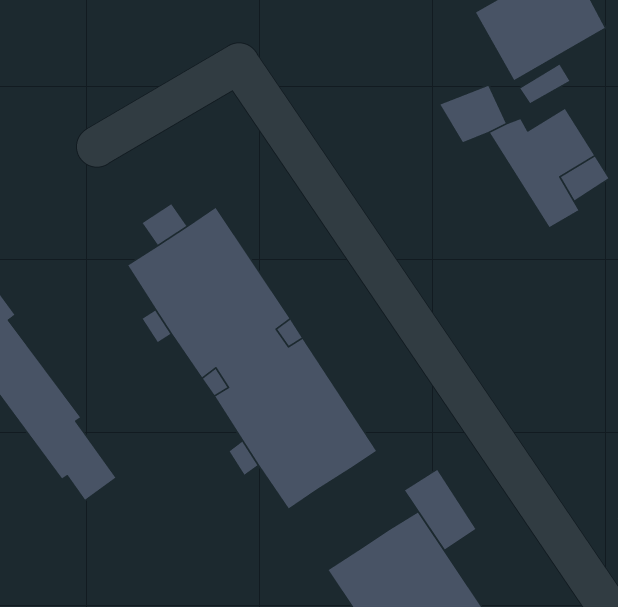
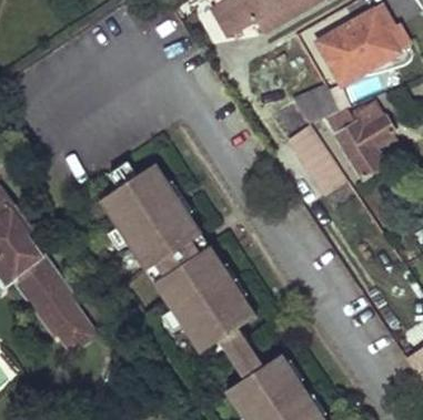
building: none -> [285,124,348,197]
building: [404,469,476,550] -> [219,328,264,379]

